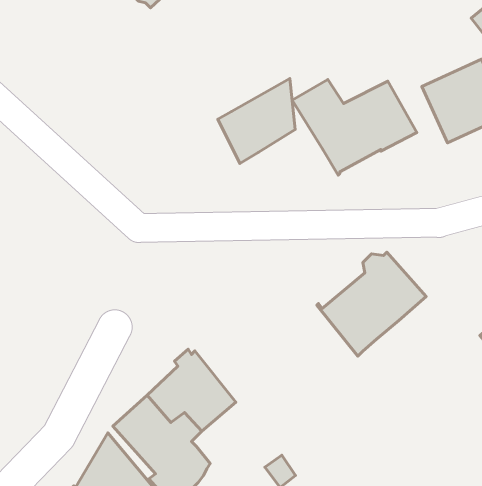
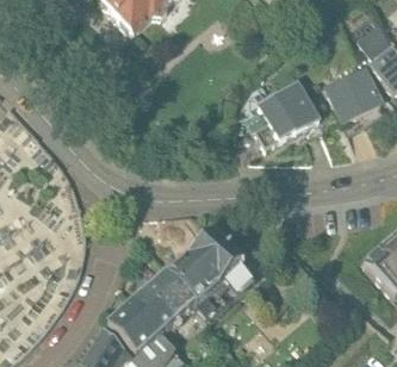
building: [218,78,295,163] -> none
building: [317,252,426,356] -> [166,234,242,306]

